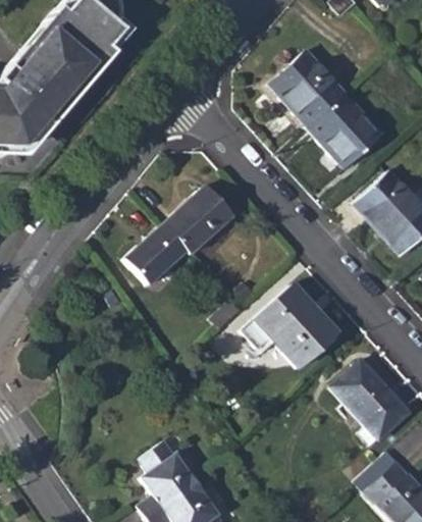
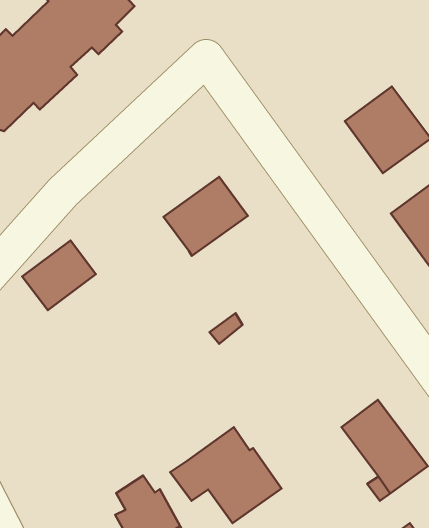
building: [267,49,344,125] -> none
building: [123,222,186,283] -> [22,240,96,310]
building: [241,284,336,366] -> [170,427,282,523]

